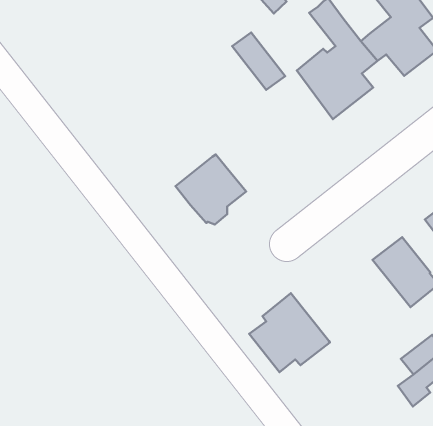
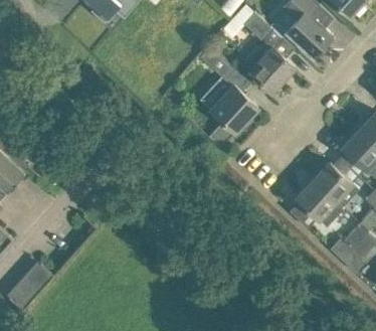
building: [175,154,246,224] -> [210,85,257,131]
building: [249,293,330,372] -> [289,180,343,233]

